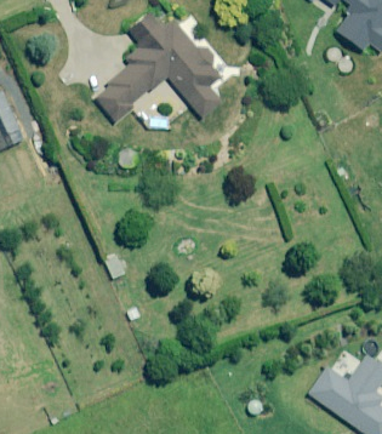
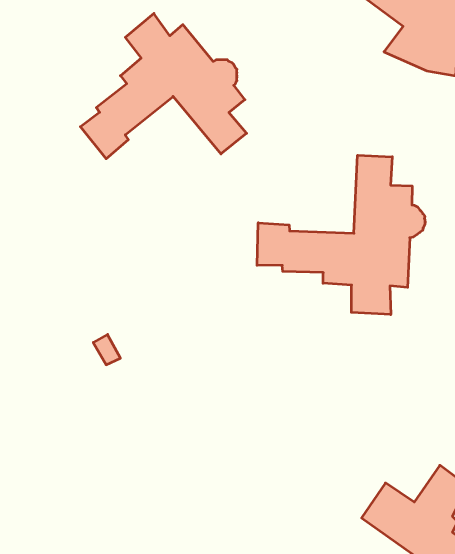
building: none -> [257,155,425,315]

